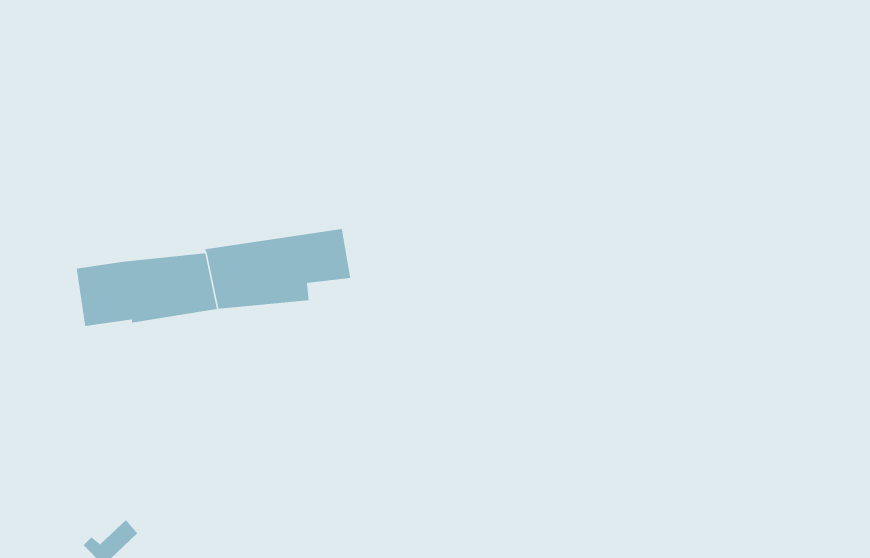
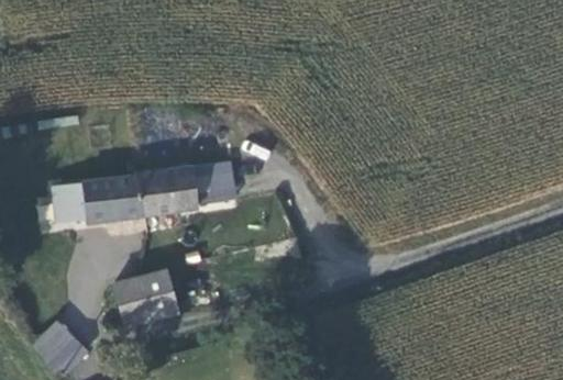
building: none -> [114,273,176,328]
building: none -> [40,324,86,362]

